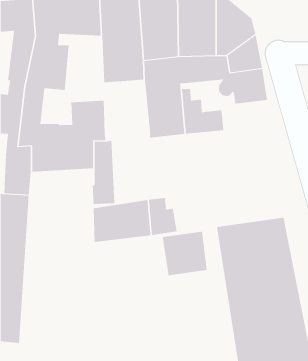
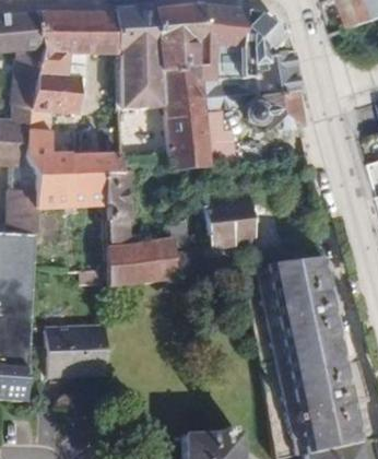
building: [162,231,208,276] -> [203,196,255,246]
building: none -> [44,326,106,375]

